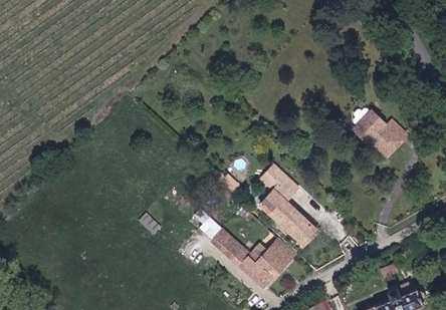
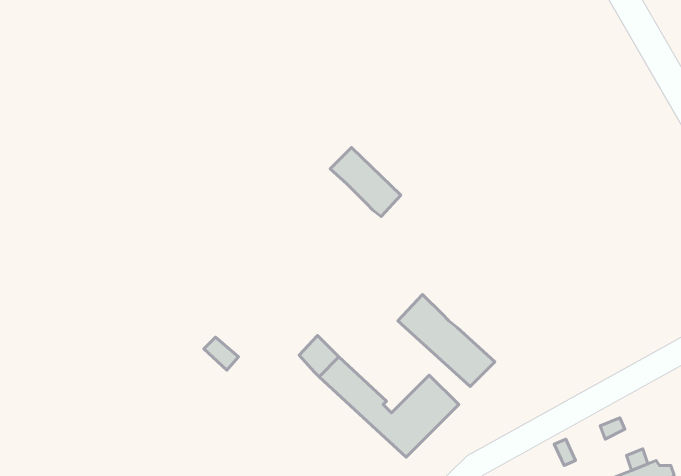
building: [354,107,410,156] -> none
building: [262,166,305,208] -> [330,148,401,217]

